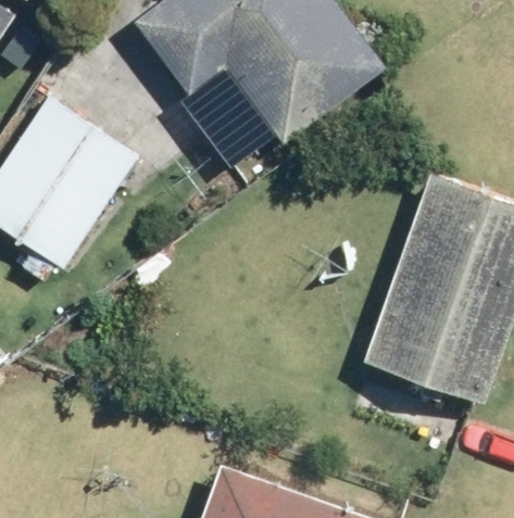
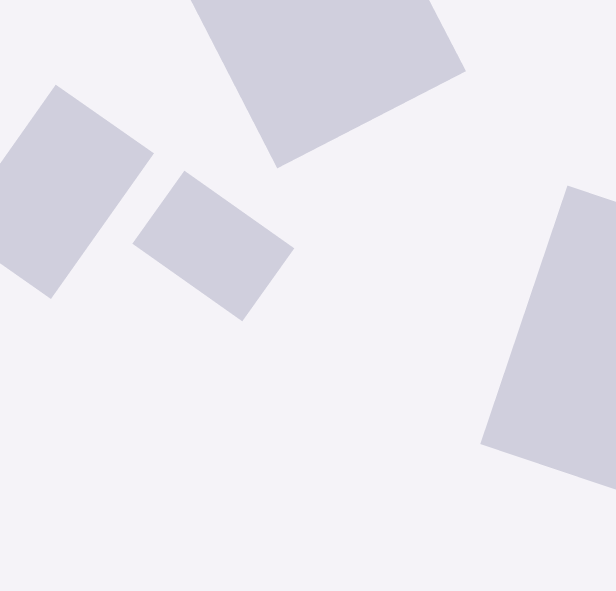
building: none -> [131,169,296,323]

